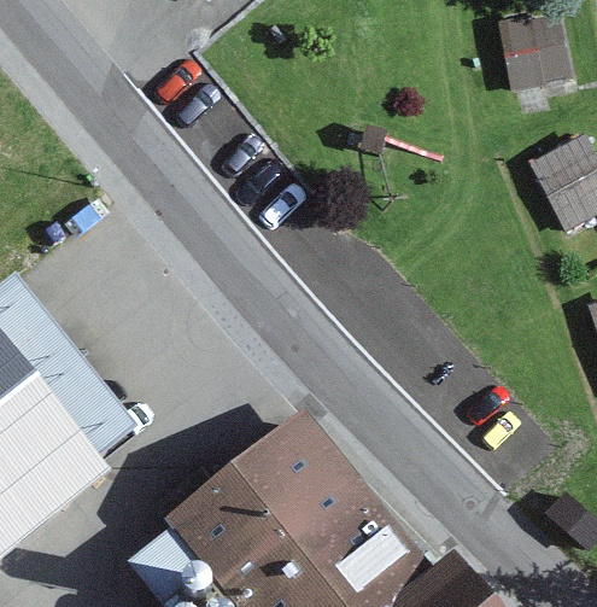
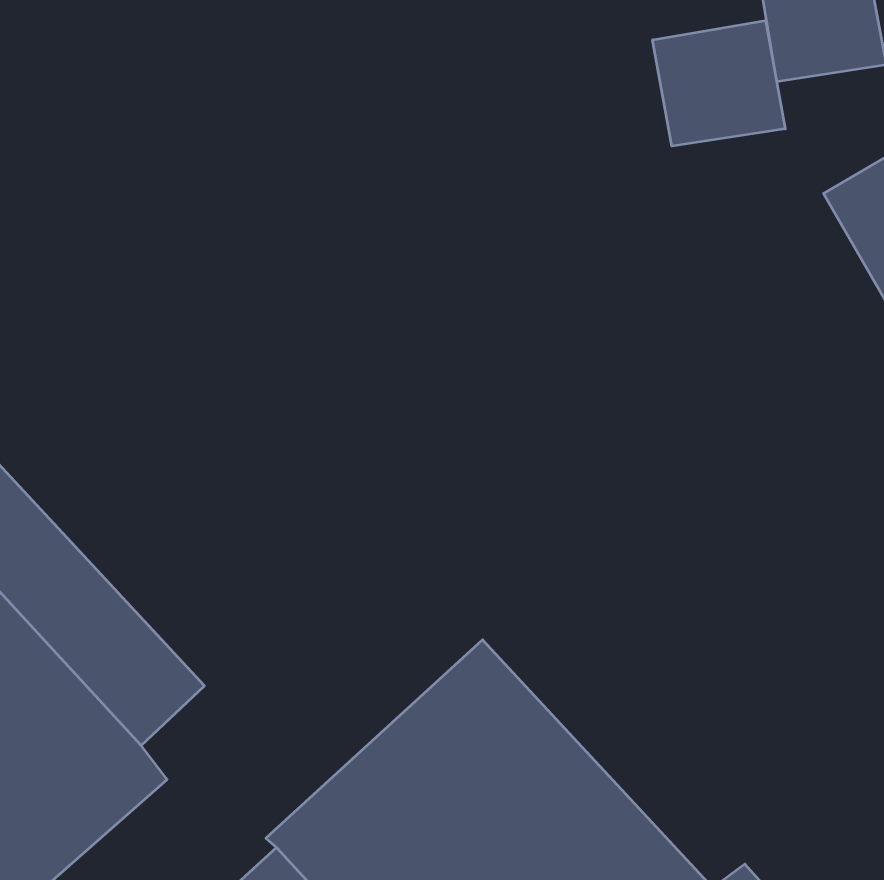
building: none -> [653,21,785,146]

